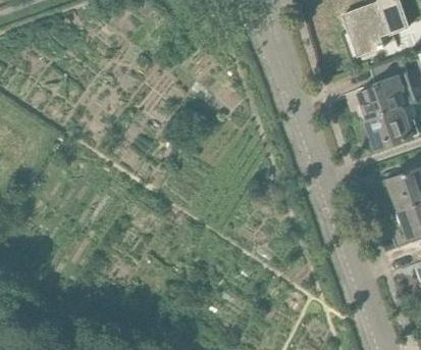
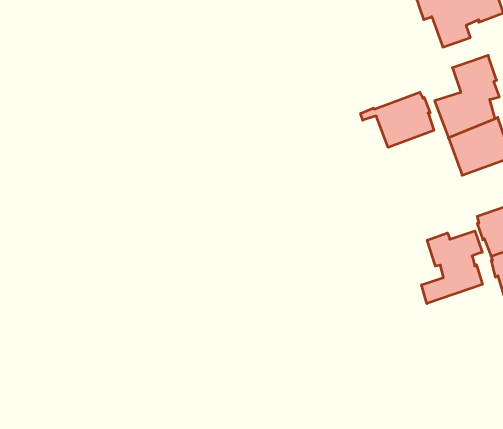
building: none -> [361,92,434,147]
building: none -> [422,231,482,304]

